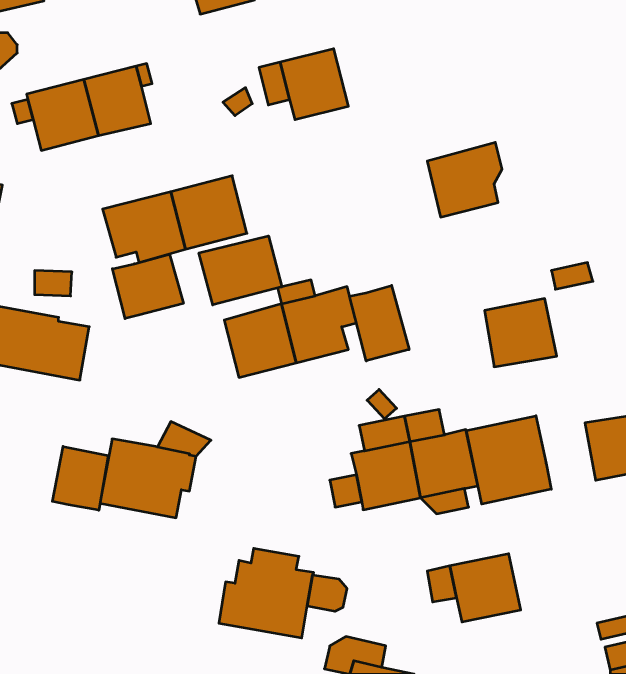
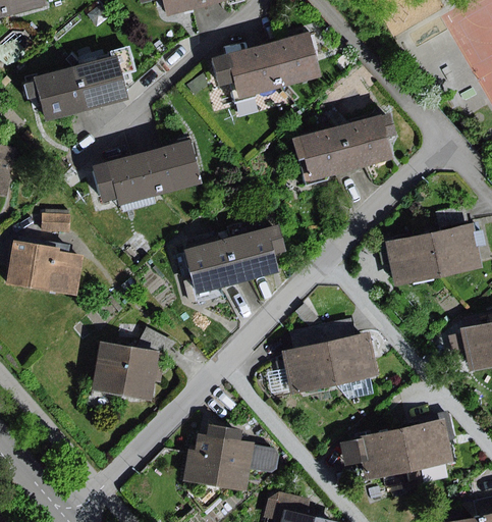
building: none -> [268,33,321,87]
building: none -> [293,128,349,186]
building: [199,236,282,305] -> none
building: [112,254,183,319] -> none
building: [350,285,409,361] -> none
building: none -> [429,225,481,277]
building: [466,416,551,504] -> none
building: [52,446,108,510] -> none
building: none -> [401,419,452,471]

